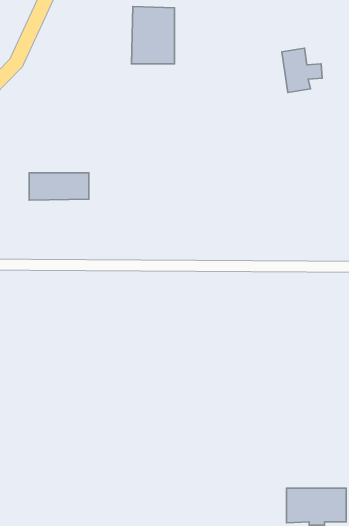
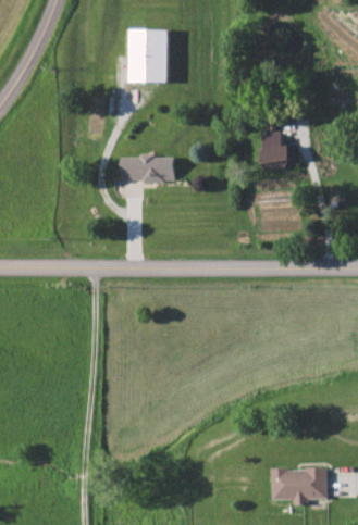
building: [282,48,322,92] -> [260,132,297,172]
building: [29,173,89,200] -> [120,157,174,182]

